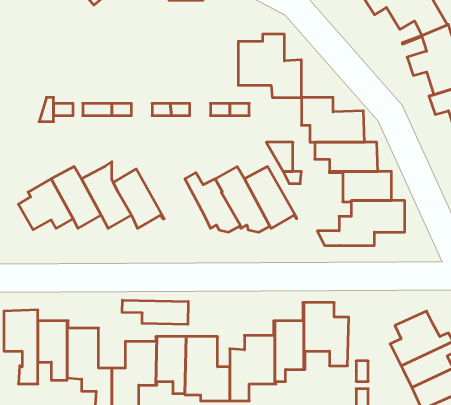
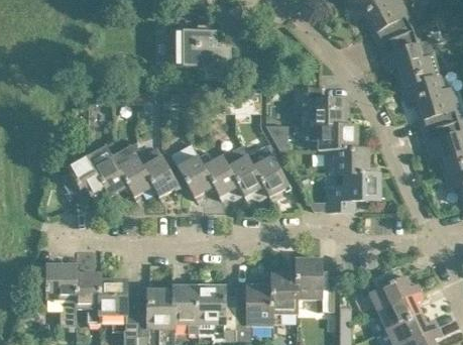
building: [238,34,301,97] -> [177,24,229,77]
building: none -> [171,143,214,197]
building: [122,300,188,324] -> none

